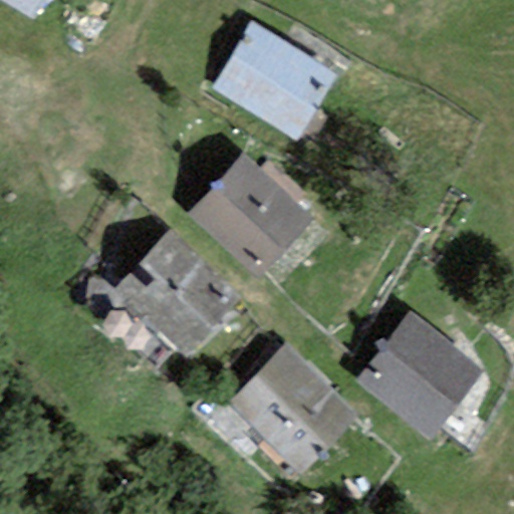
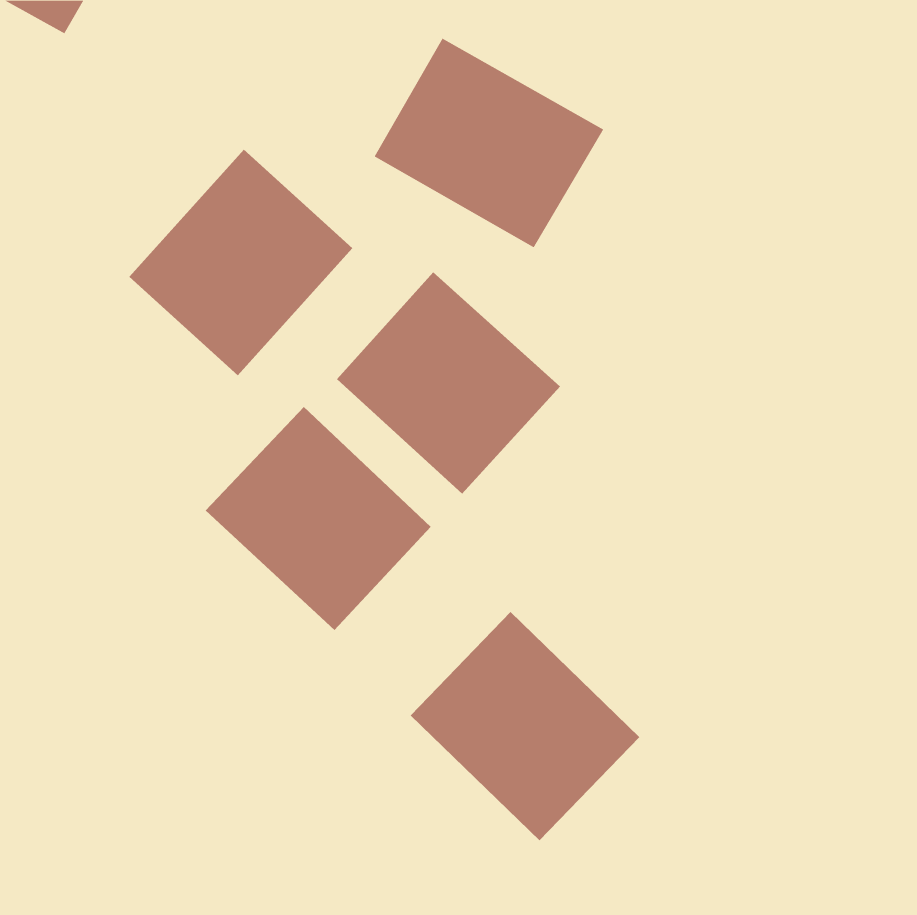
building: none -> [129,149,353,376]
building: [357,313,481,436] -> none

